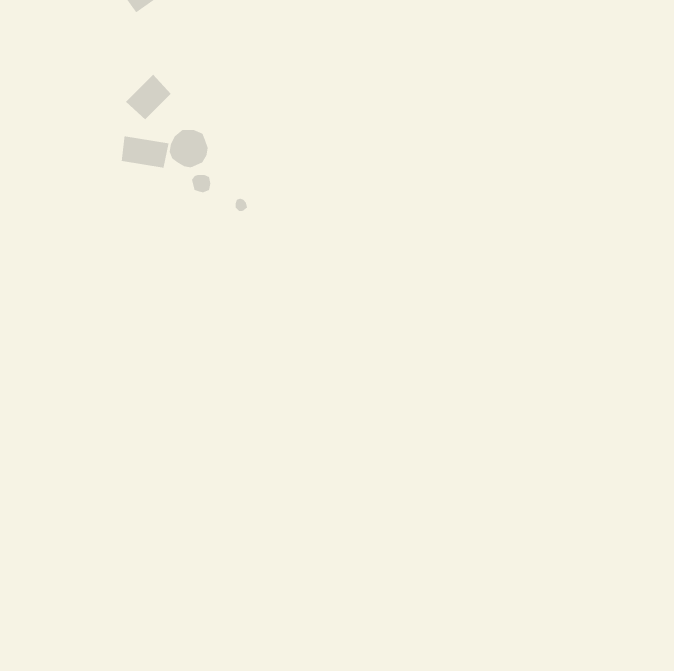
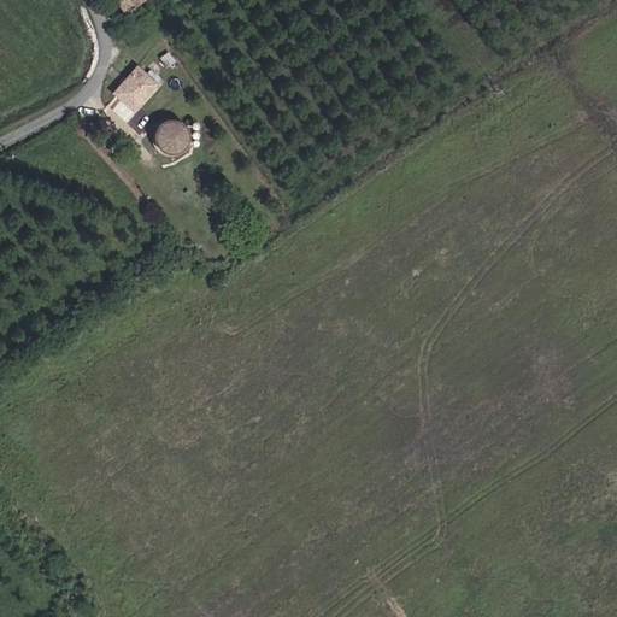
building: [121,135,169,169] -> none

